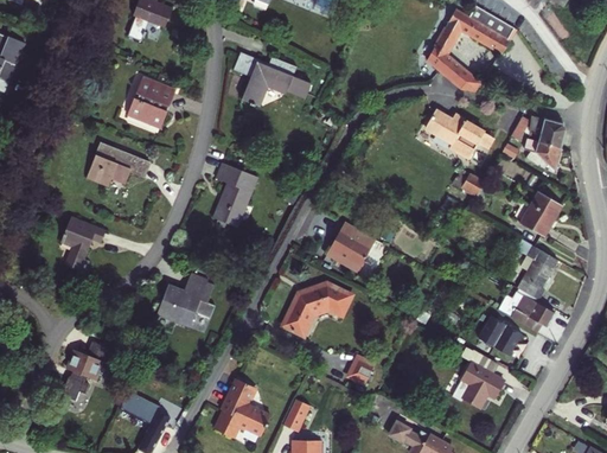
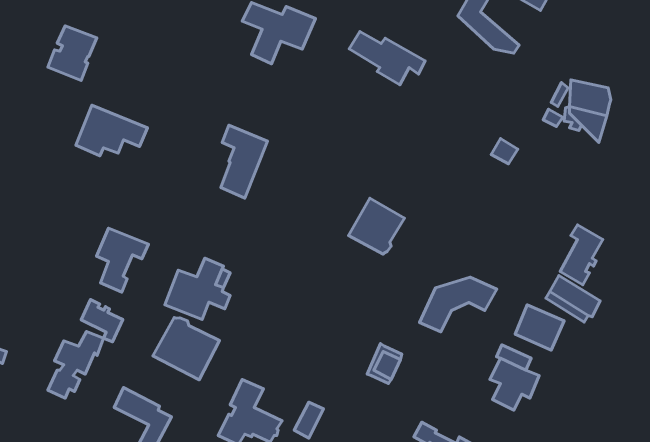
building: [133,75,177,123] -> [48,26,97,81]
building: [424,110,492,158] -> [349,32,425,85]
building: [520,192,561,237] -> none
building: [58,213,104,270] -> [97,228,149,292]
building: [283,286,352,334] -> [420,277,497,332]
building: none -> [81,300,123,342]
building: none -> [153,318,220,380]

